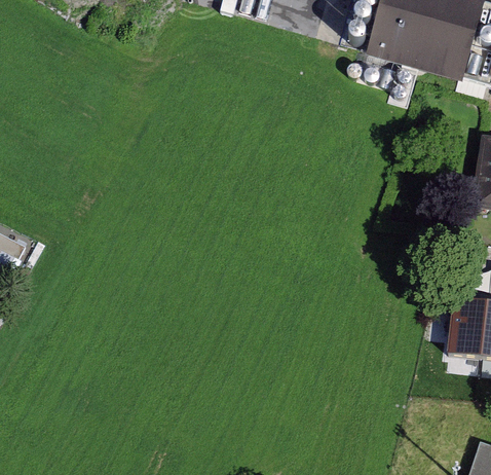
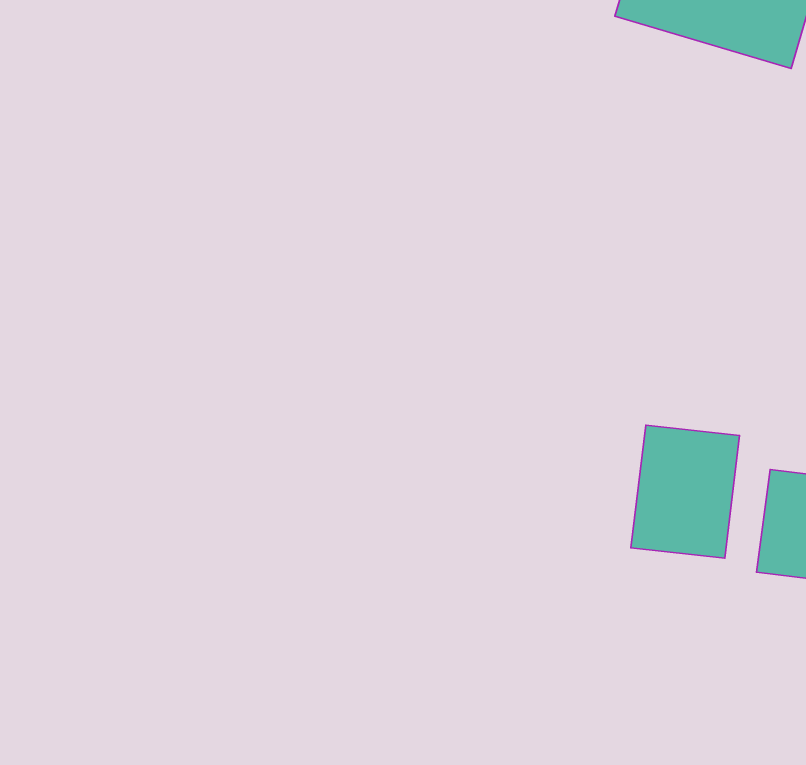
building: none -> [631,425,740,558]

